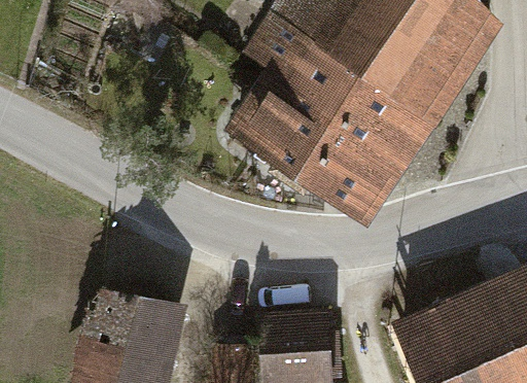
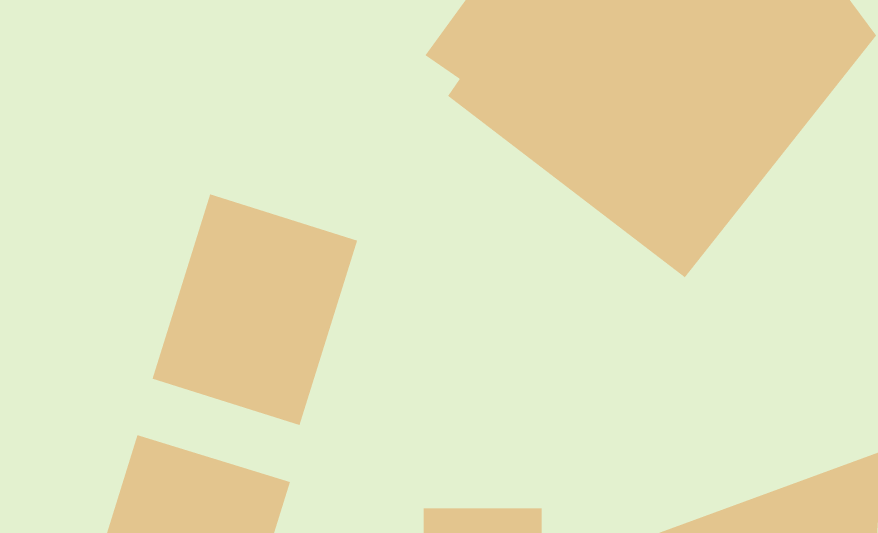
building: [226,75,406,224] -> none
building: none -> [152,194,358,426]

